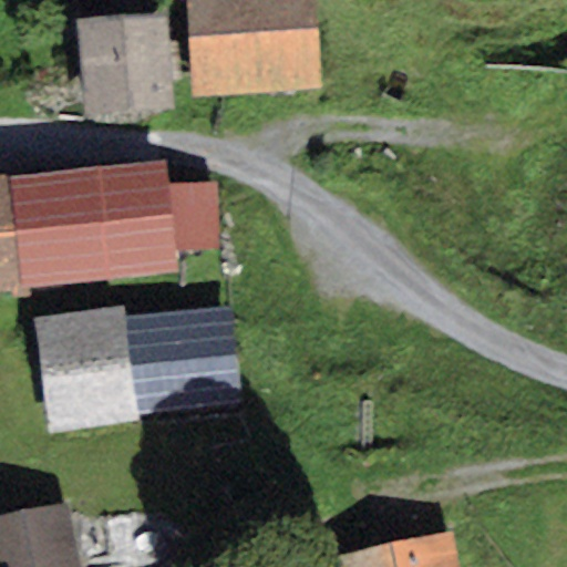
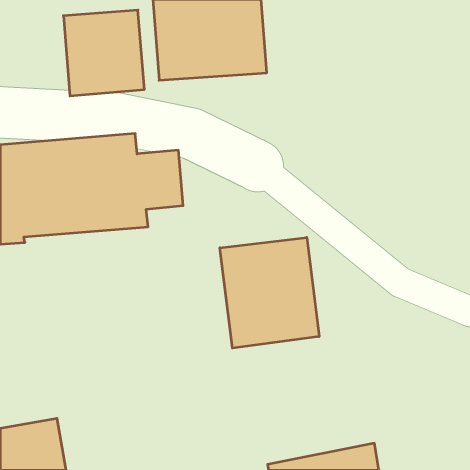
building: none -> [220,237,319,348]
building: [33,303,244,431] -> none

